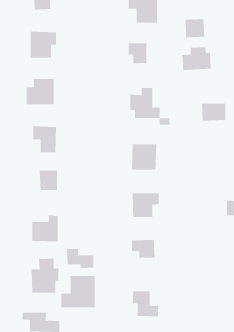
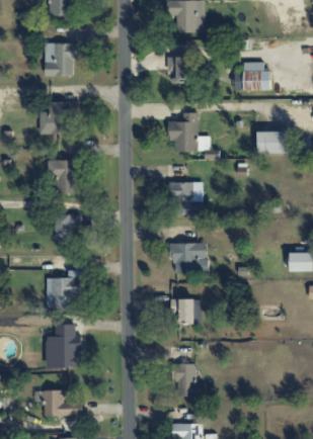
building: [185,18,205,38] -> none
building: [66,248,94,269] -> none
building: [61,275,95,308] -> none

